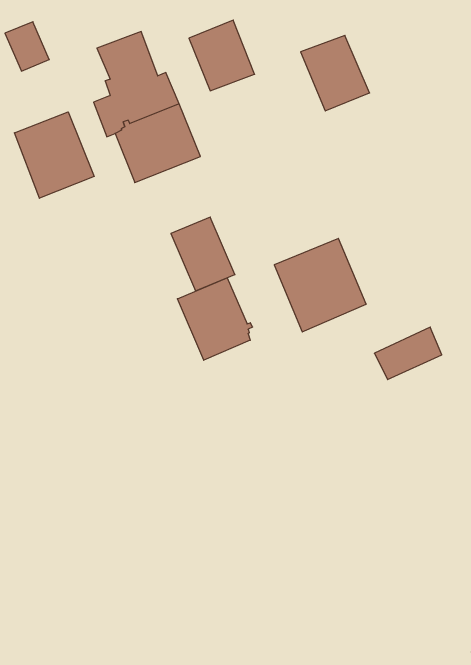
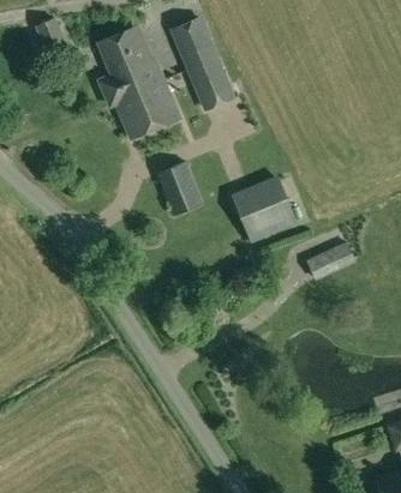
building: [301,35,370,111] -> [185,56,235,112]
building: [14,112,94,198] -> none
building: [177,278,253,360] -> none

